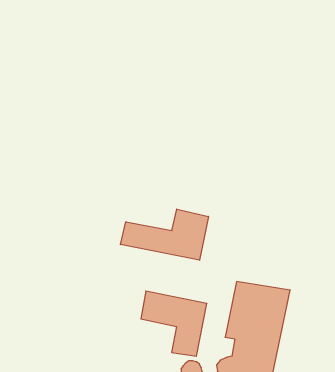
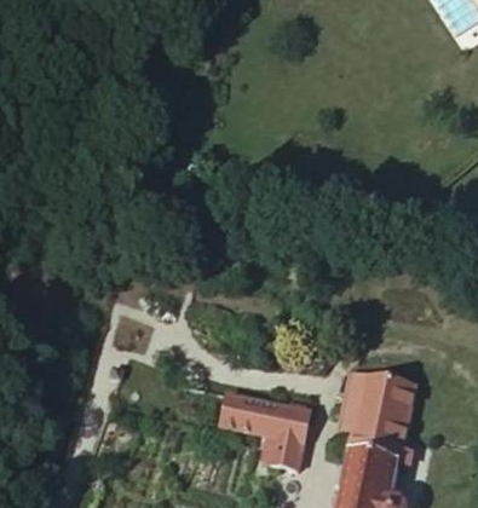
building: [120,209,208,260] -> none

